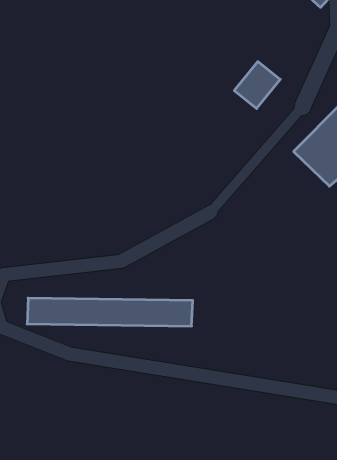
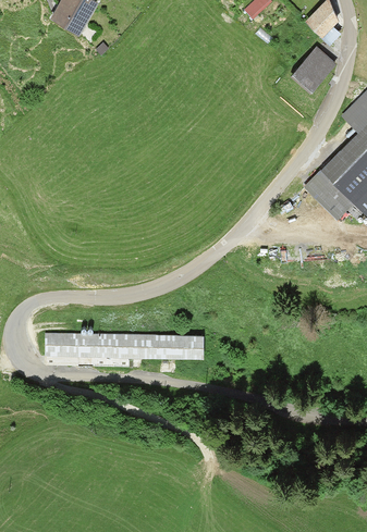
building: [234,62,280,109] -> [292,49,337,95]

